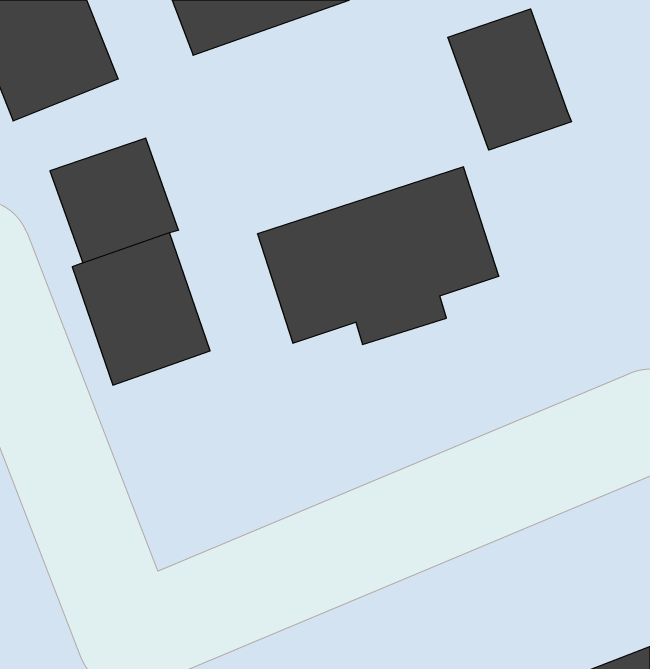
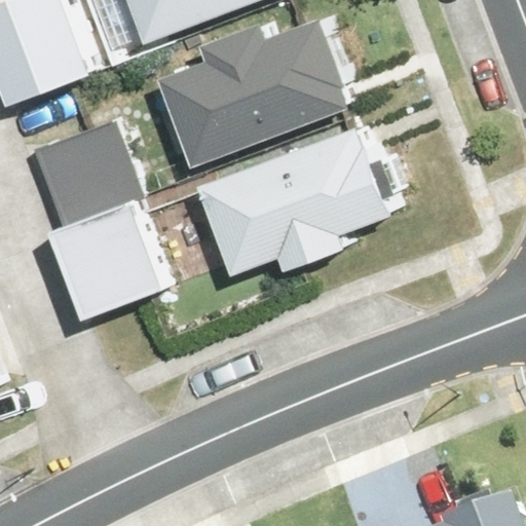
building: [448,9,571,150] -> none
building: none -> [164,15,354,164]

